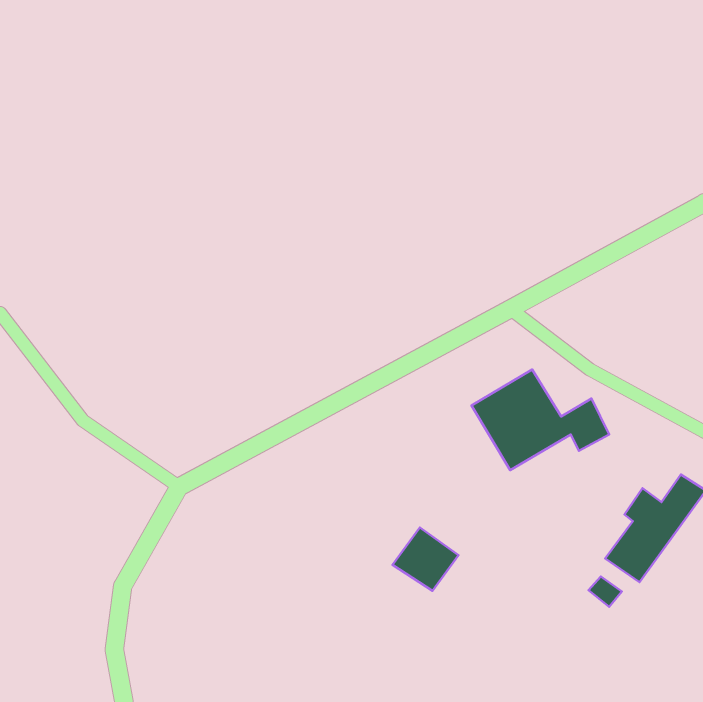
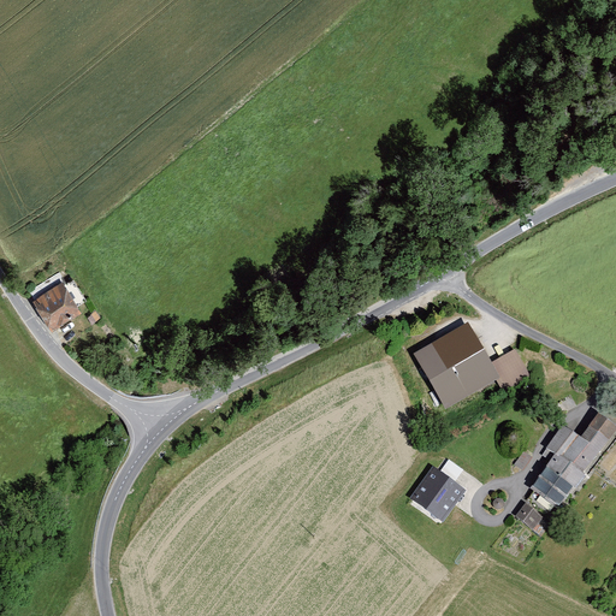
building: none -> [31,276,87,331]
building: [392,527,459,591] -> [409,466,467,521]

